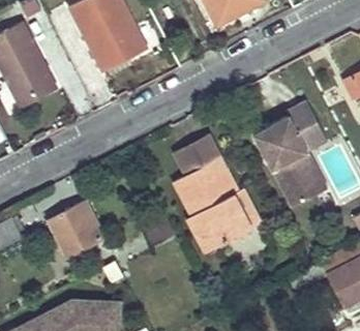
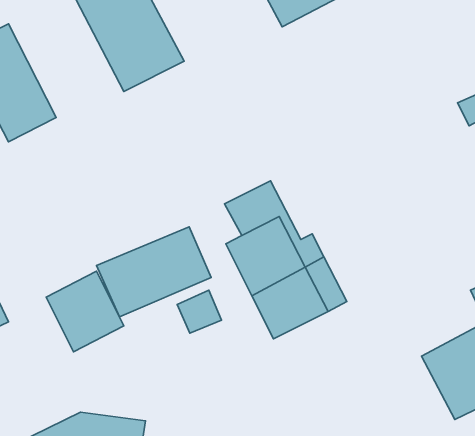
building: [252,101,326,208] -> none
building: none -> [96,227,211,317]

